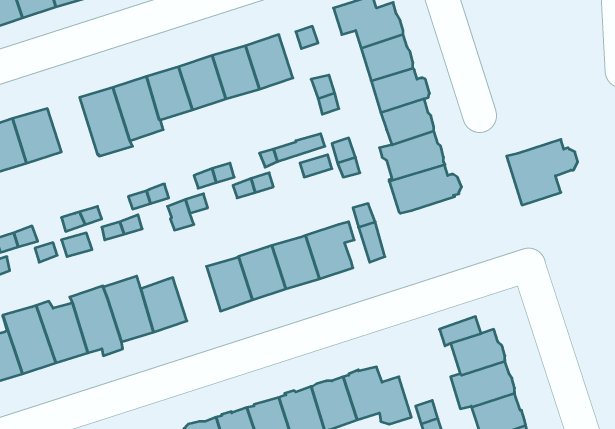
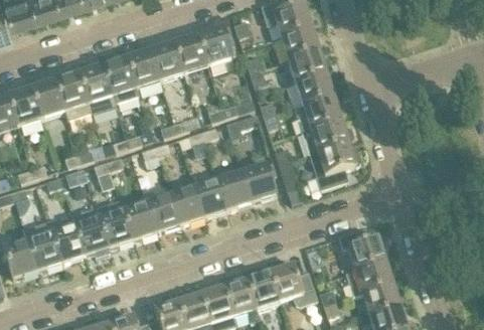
building: none -> [54,74,91,124]
building: [507,139,578,205] -> [309,146,360,193]
building: none -> [143,193,179,235]

